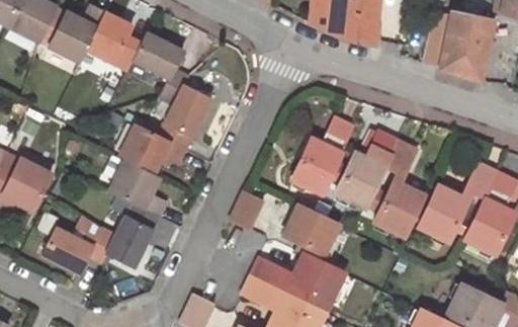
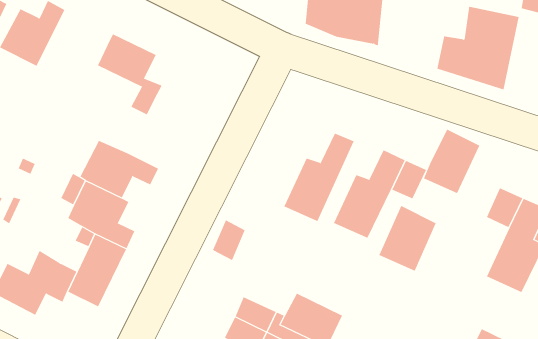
building: [87,12,142,71] -> none
building: [160,88,209,148] -> none
building: [419,185,467,241] -> [423,129,480,194]
building: [284,205,339,253] -> none

